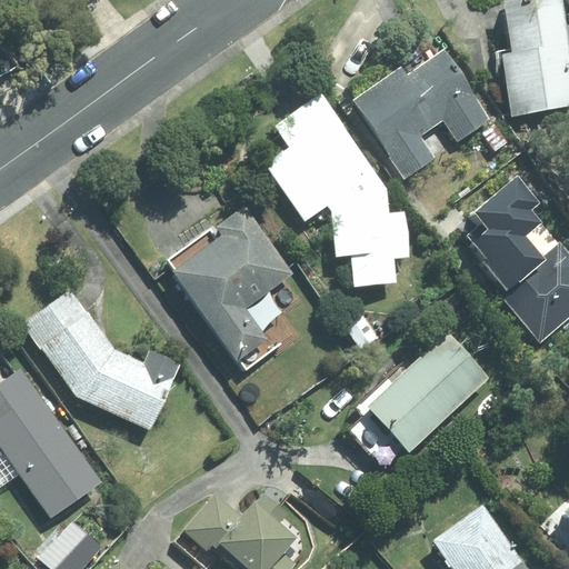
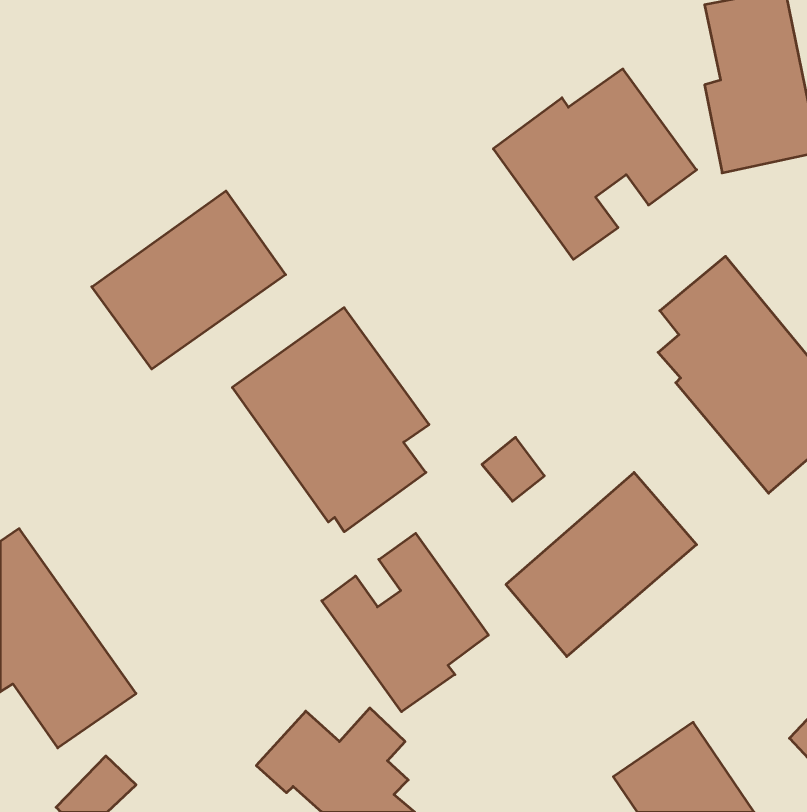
building: [263,91,407,287] -> none
building: none -> [92,191,286,369]
building: [24,290,181,432] -> none
building: none -> [322,533,488,712]

